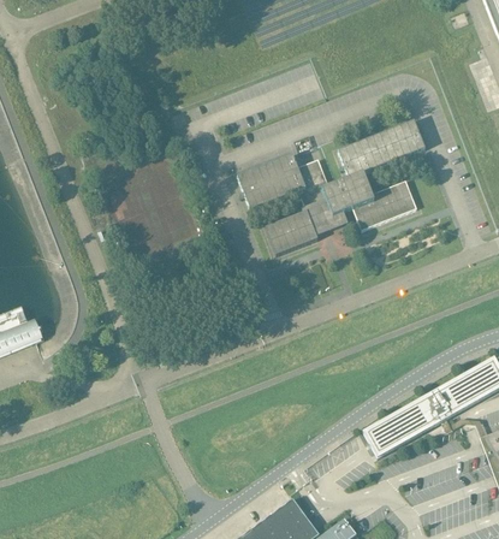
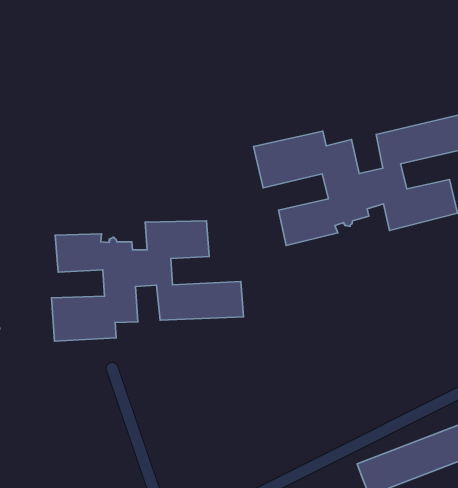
building: none -> [51,221,243,341]

